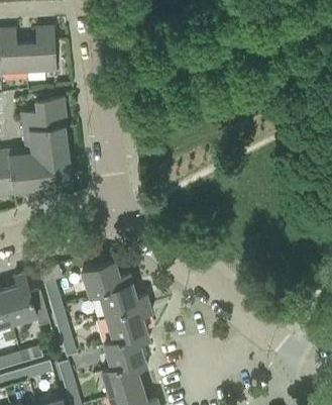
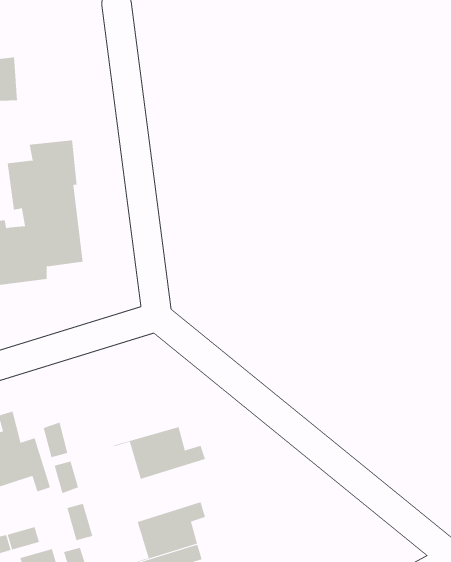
building: [25,27,56,73] -> none
building: [82,261,131,295] -> none
building: [106,304,150,341] -> none

